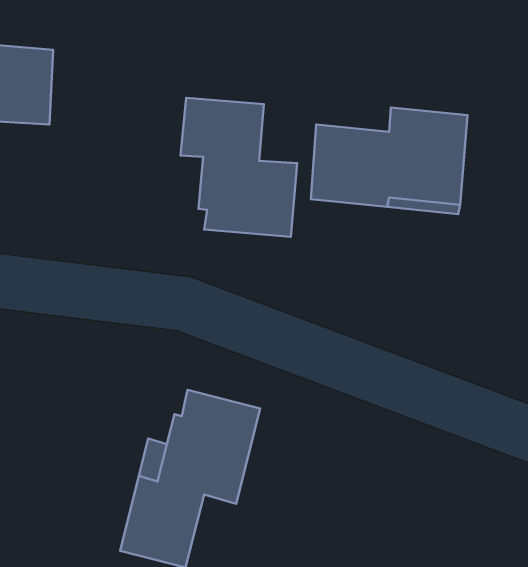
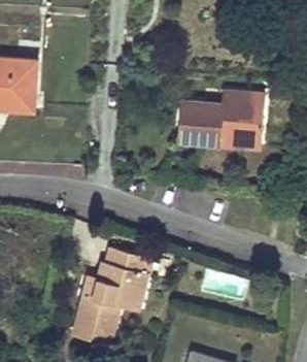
building: [181,98,297,237] -> none

